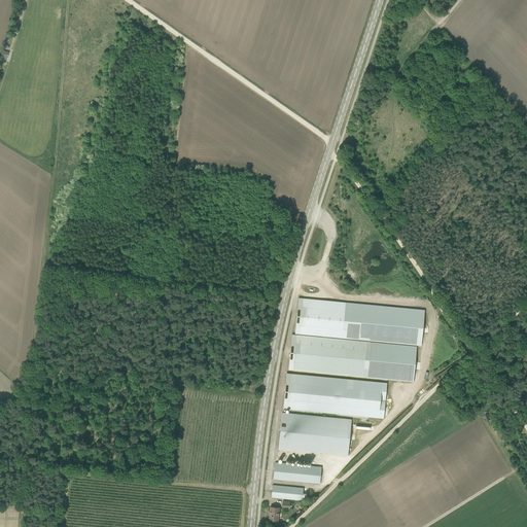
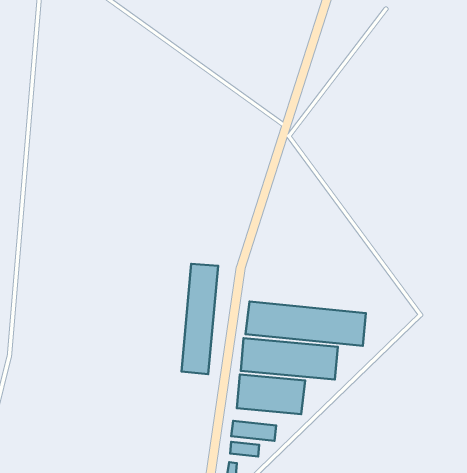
building: none -> [181,264,218,374]
building: [295,297,425,346] -> none

